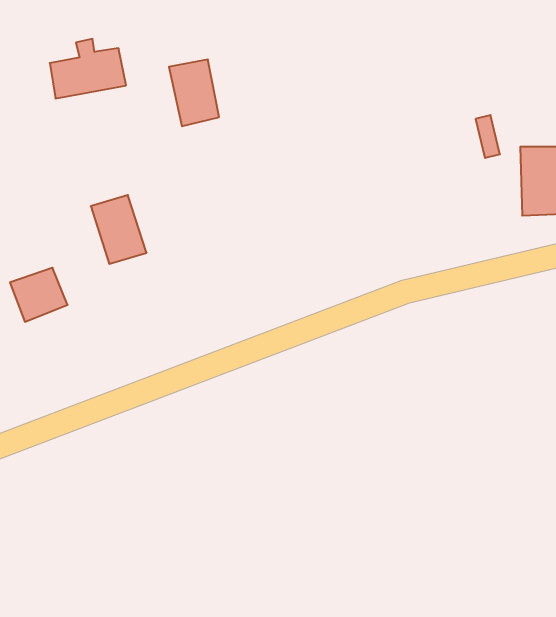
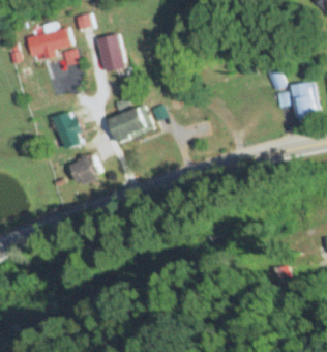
building: none -> [108,105,149,143]
building: [10,268,68,322] -> [68,155,100,185]

